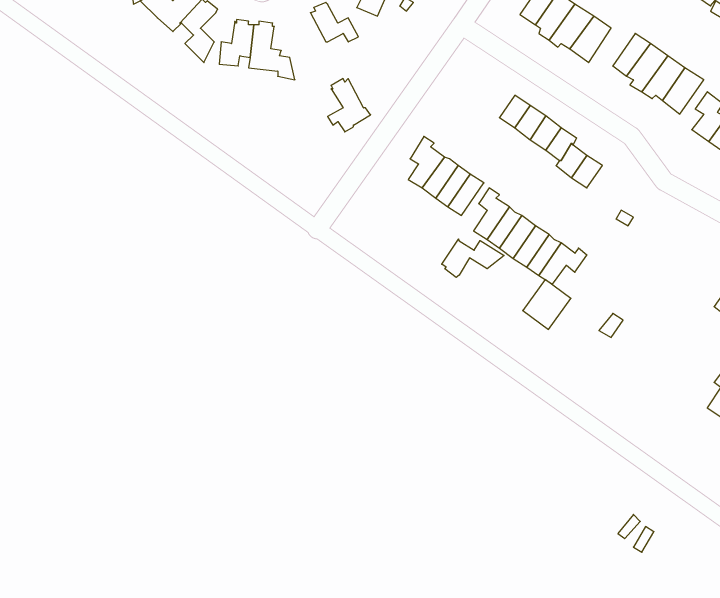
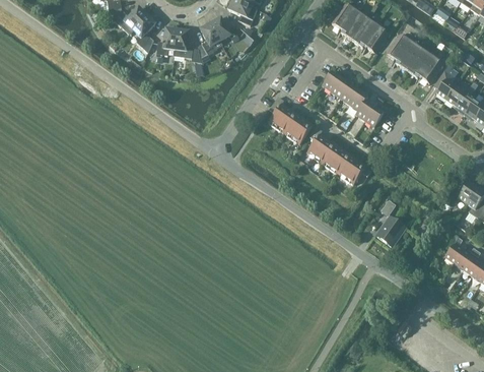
building: [328,79,371,132] -> [199,23,224,55]
building: [442,239,504,277] -> none
building: [523,280,571,329] -> [377,216,406,246]

